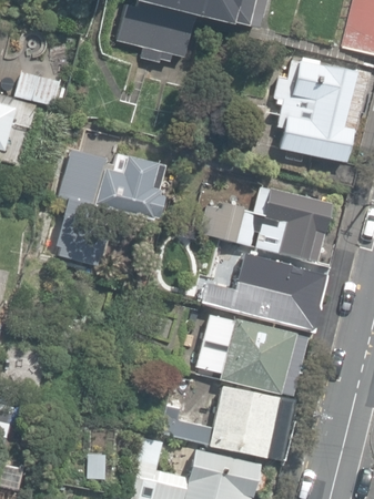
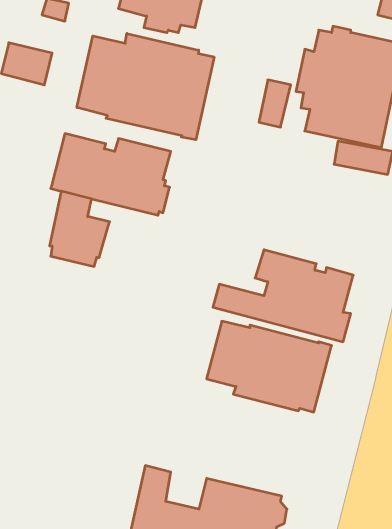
building: none -> [77,33,214,140]
building: [201,187,336,265] -> none
building: [163,386,294,460] -> none

